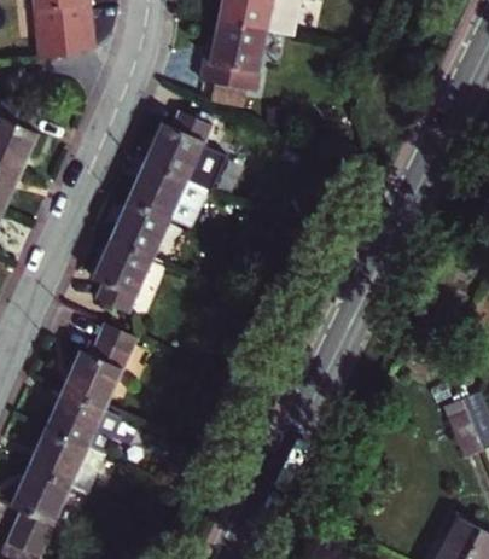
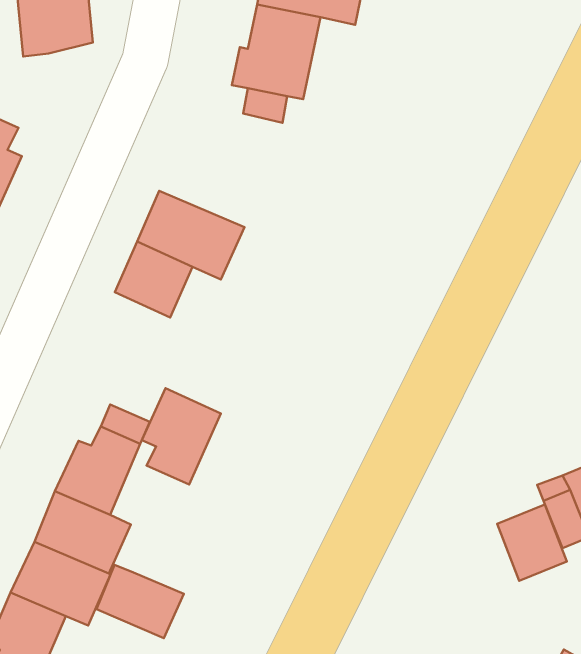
building: [142,112,222,190] -> none
building: [91,239,151,313] -> [142,388,221,484]
building: none -> [497,505,567,581]
building: none -> [96,565,184,638]

